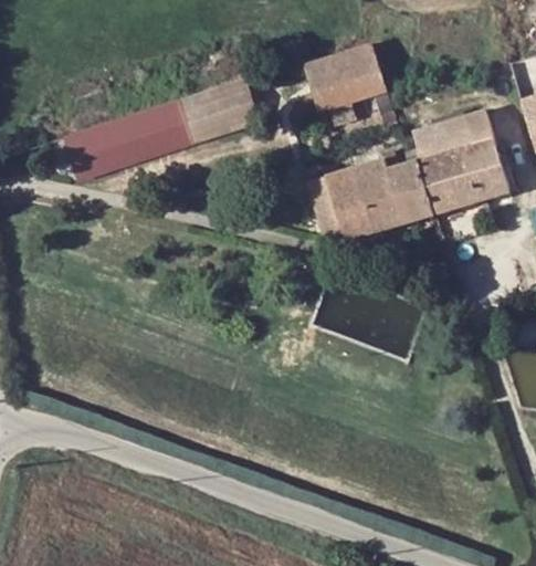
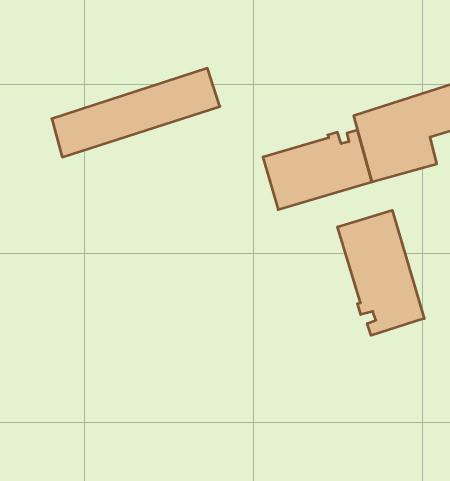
building: [305,43,399,127] -> none
building: none -> [338,210,424,335]

